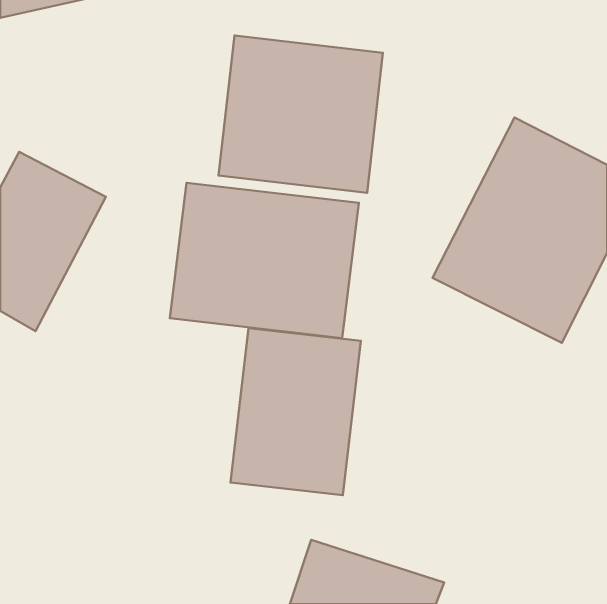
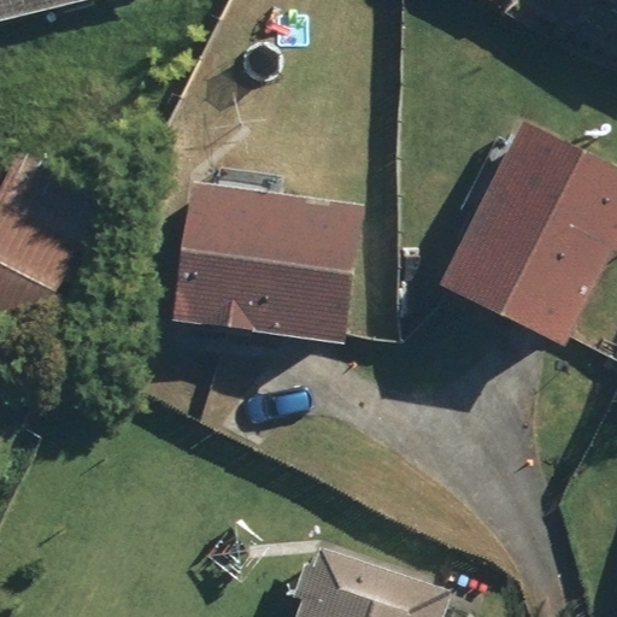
building: [219,36,383,193] -> none
building: [230,328,361,495] -> none

